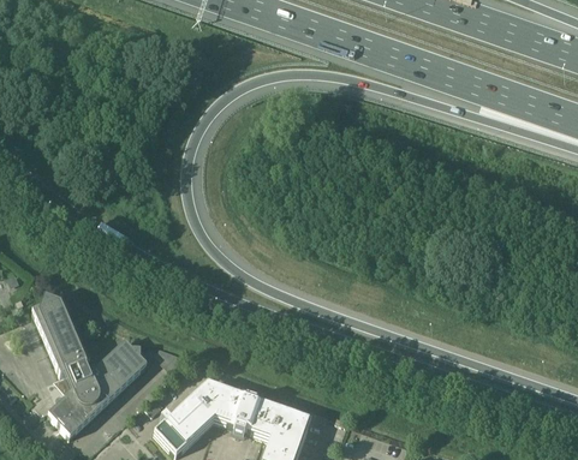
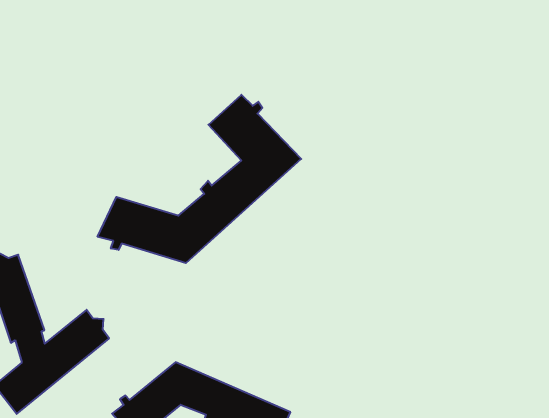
building: none -> [98,95,301,263]

